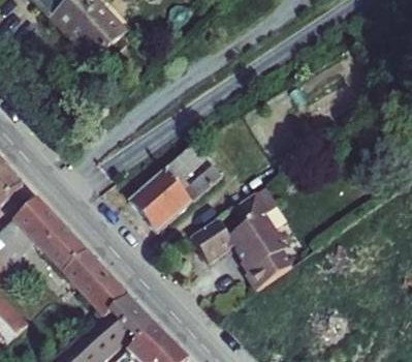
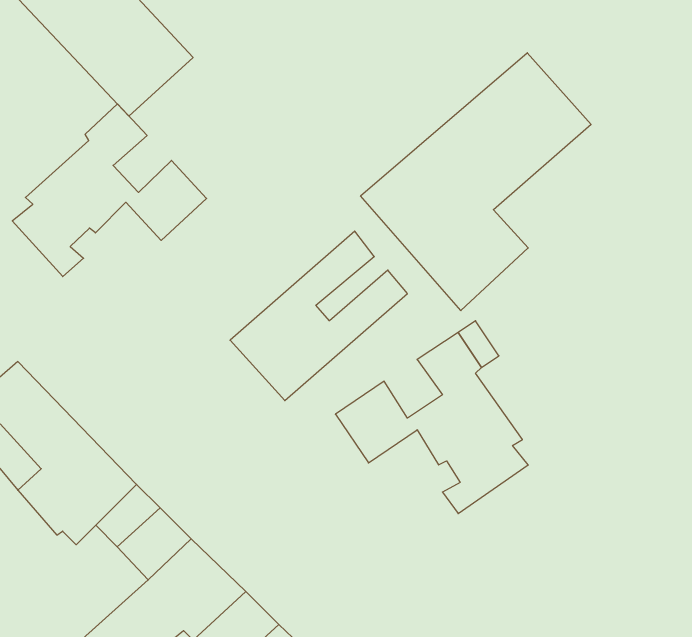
building: none -> [361,53,591,311]
building: none -> [12,104,207,277]

